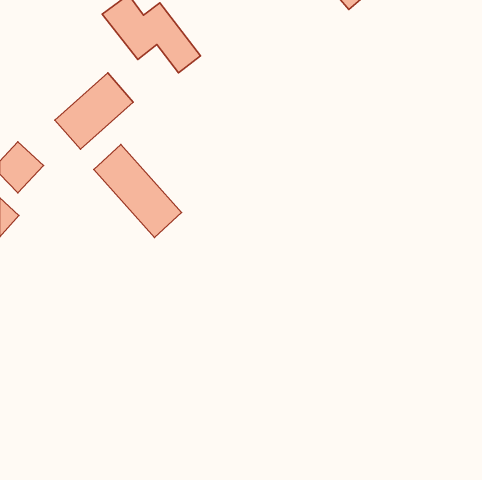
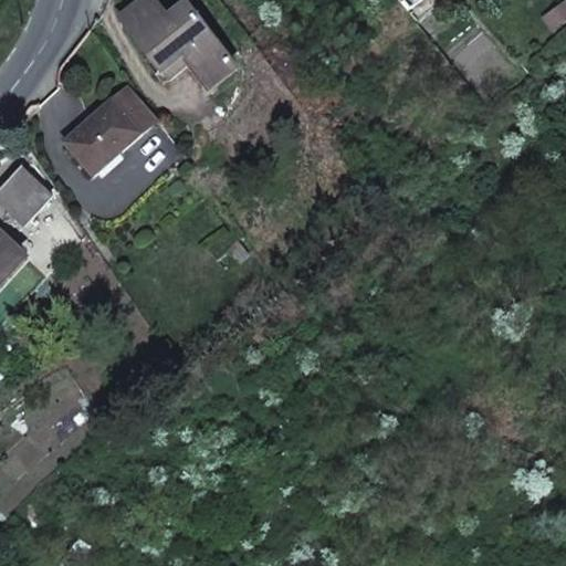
building: [94,145,182,237] -> none

